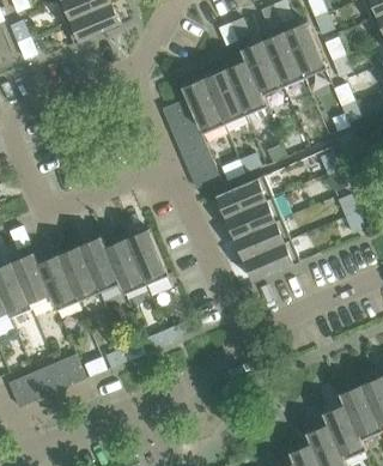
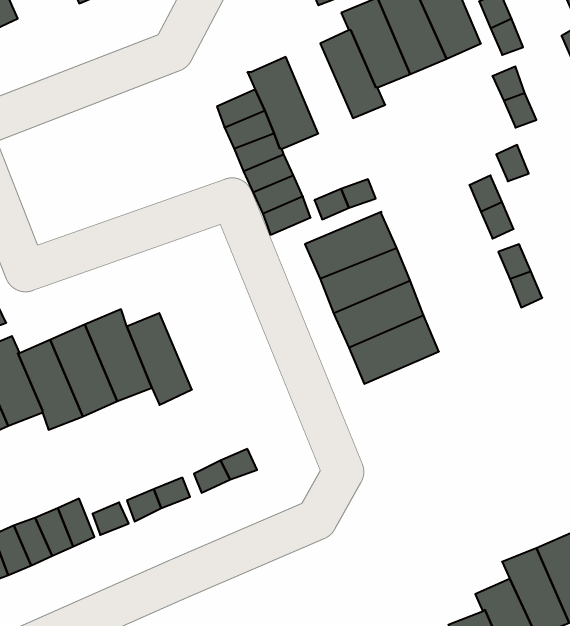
building: [205,68,247,125] -> none
building: [126,229,166,285] -> none

